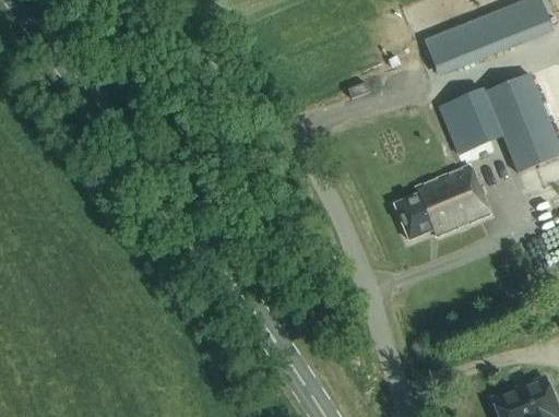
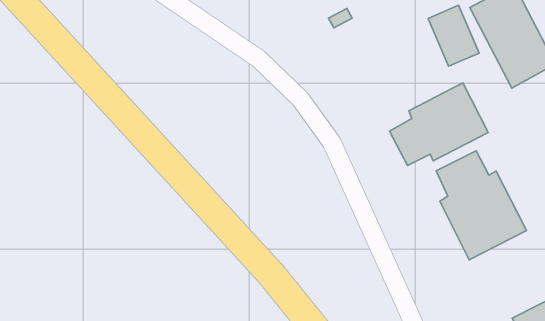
building: none -> [436,151,526,260]

